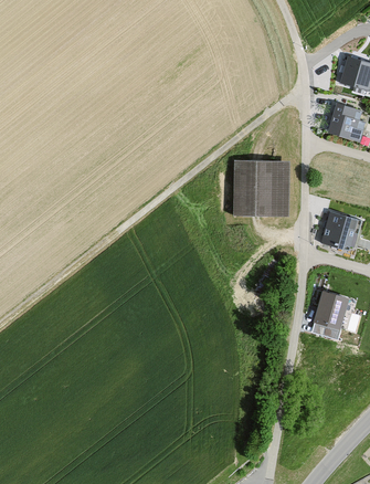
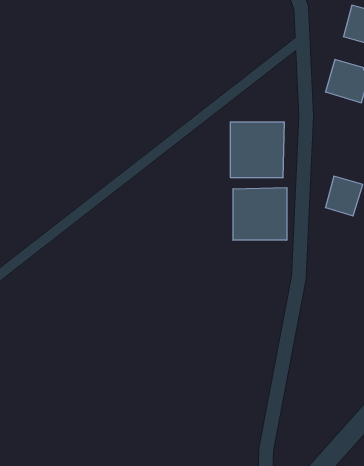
building: none -> [233,188,287,240]
building: [315,294,348,330] -> none

